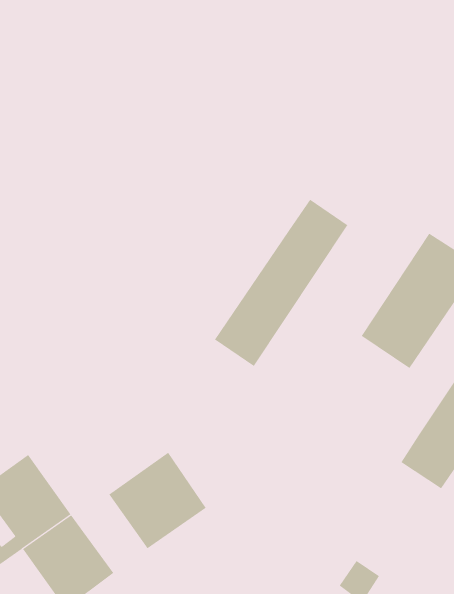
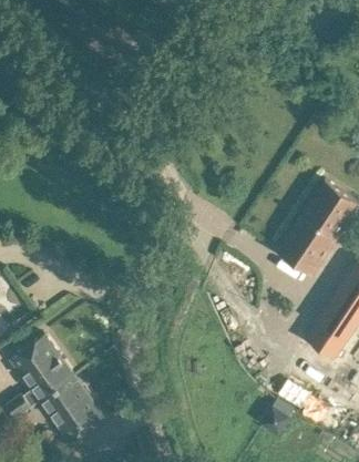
building: [214,199,348,367] -> none
building: [109,452,207,549] -> none

